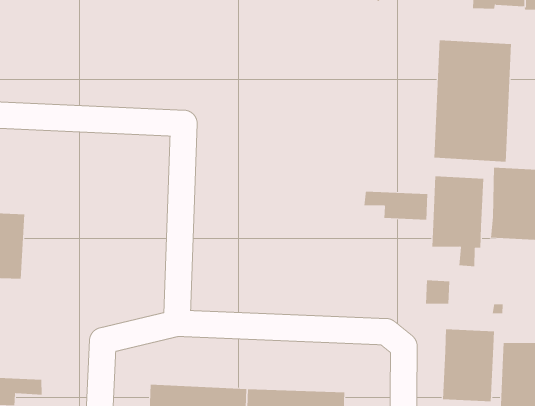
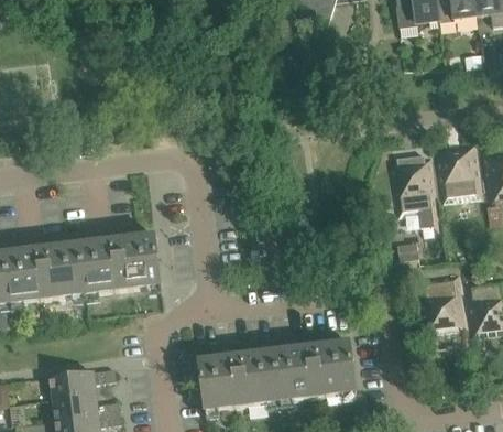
building: [434,39,512,162] -> none
building: [364,191,428,221] -> none
building: none -> [79,231,161,292]

